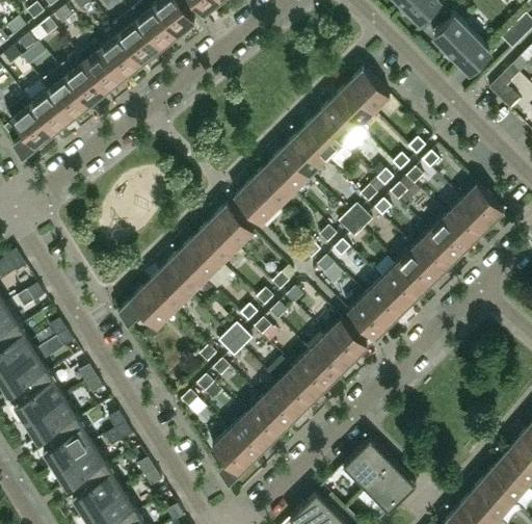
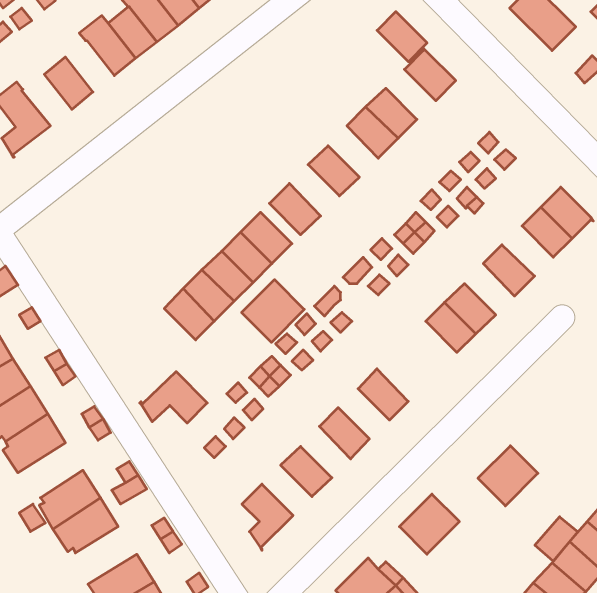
building: [65,62,106,105] -> none
building: [331,86,373,128] -> [377,12,427,62]
building: [29,90,71,133] -> none
building: [284,133,325,176] -> none
building: [251,165,293,208] -> none
building: [428,216,471,258] -> none
building: [397,247,438,290] -> none
building: none -> [242,280,304,342]
building: [117,285,174,328] -> [140,372,207,423]
building: [348,295,391,338] -> none
building: [324,319,367,362] -> none
building: [292,351,335,393] -> none
building: [261,383,302,425] -> none
building: [26,396,80,442] -> none
building: [229,415,270,456] -> none
building: none -> [535,517,578,561]
building: [366,462,416,512] -> [478,446,538,506]
building: [73,466,125,514] -> none

